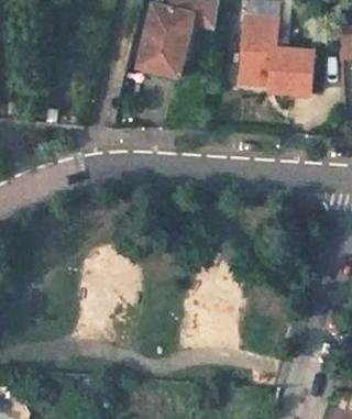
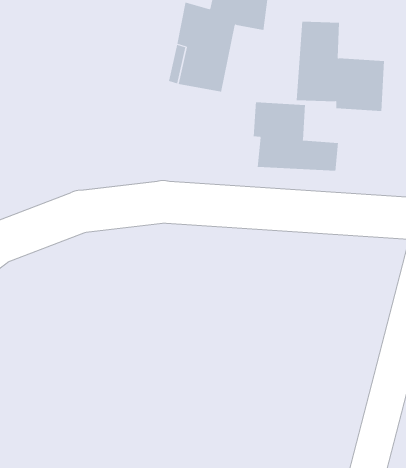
building: none -> [253,101,338,172]

